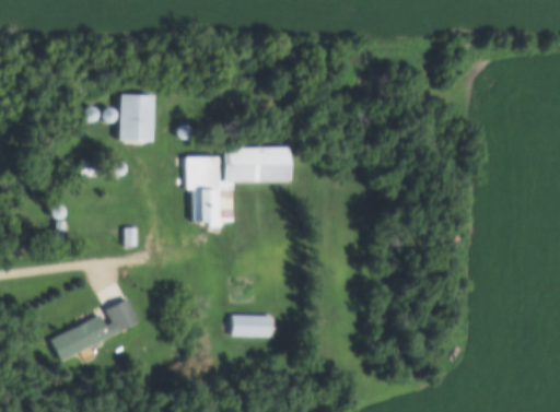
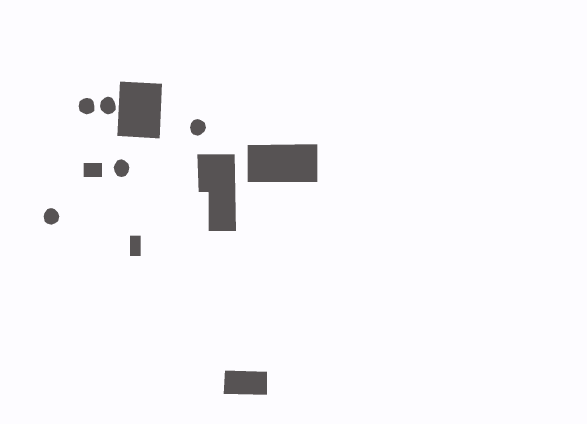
building: [50,297,141,363] -> none
building: [232,316,271,338] -> [223,370,268,395]

